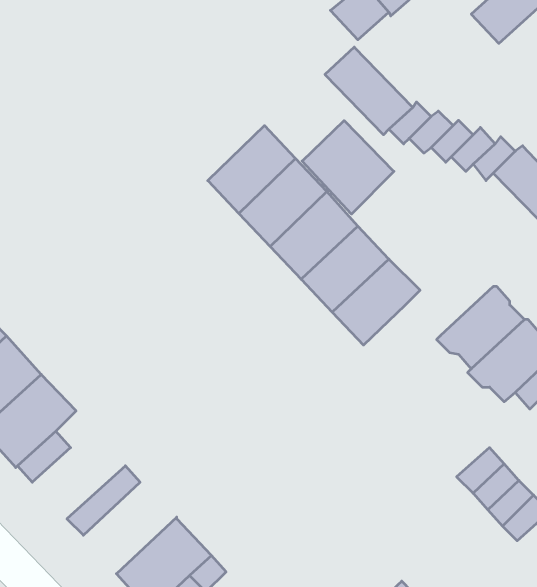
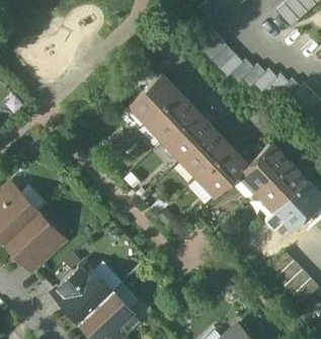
building: [302,121,394,214] -> none
building: none -> [239,143,288,190]
building: none -> [60,270,112,322]

